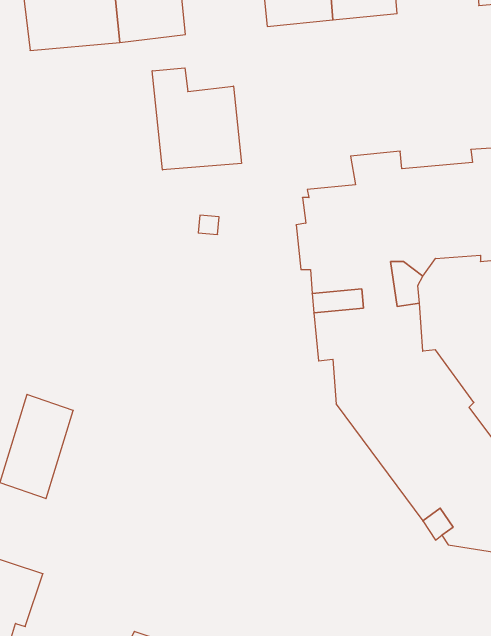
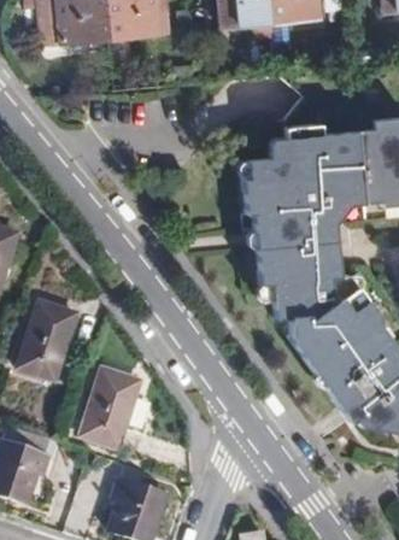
building: [152,68,241,170] -> none
building: none -> [83,374,141,448]

